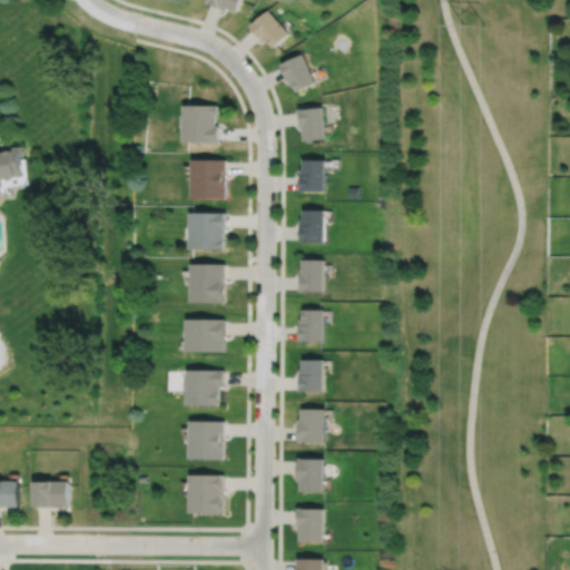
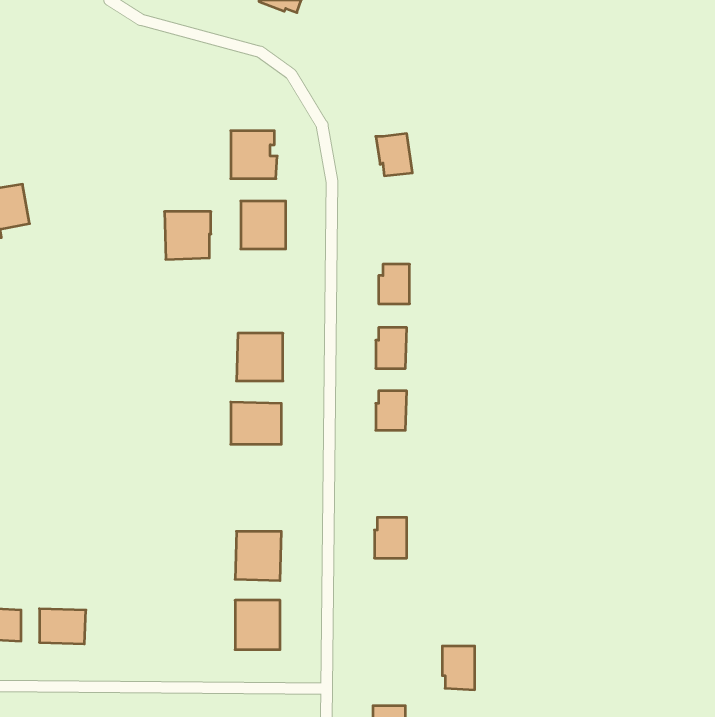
building: [249,9,288,47] -> none
building: [281,53,315,91] -> none
building: [301,159,325,191] -> none
building: [187,213,224,250] -> [164,212,211,259]
building: [296,361,321,393] -> none
building: [184,371,223,406] -> none
building: [295,460,322,493] -> none
building: [295,510,321,544] -> [442,646,475,690]

